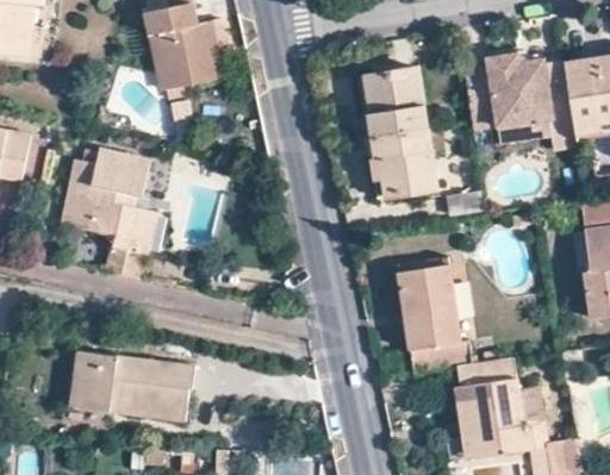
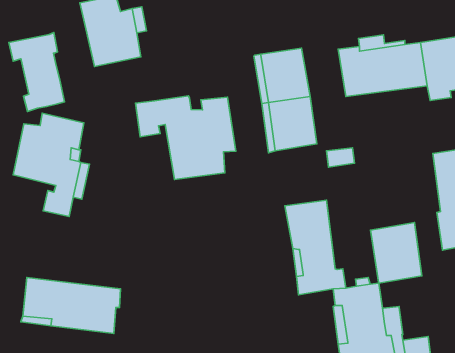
building: none -> [9,33,65,111]
building: none -> [135,96,236,179]
building: none -> [371,222,422,283]

